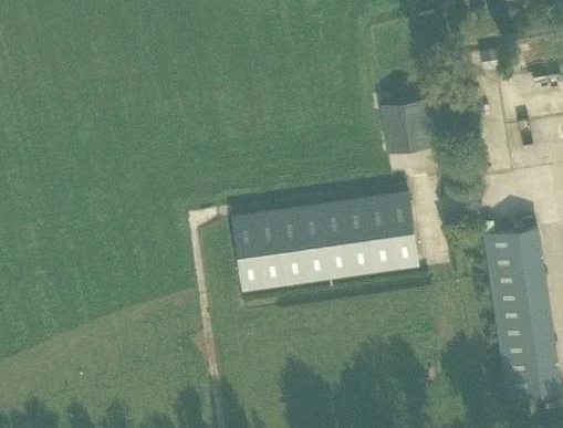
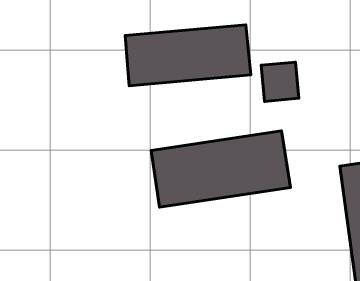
building: none -> [125,25,251,86]

